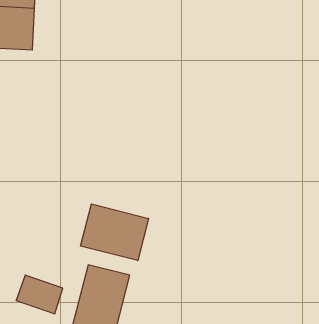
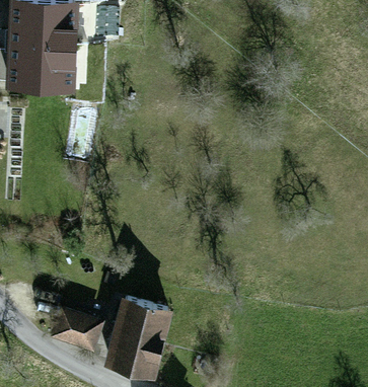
building: [81,204,149,261] -> none

